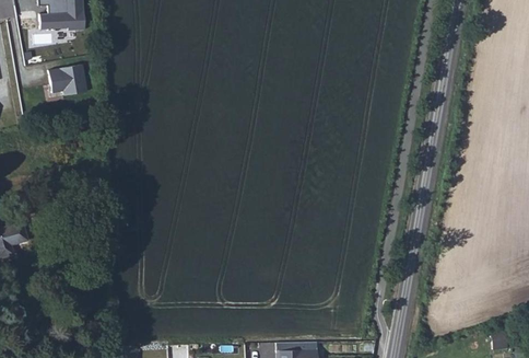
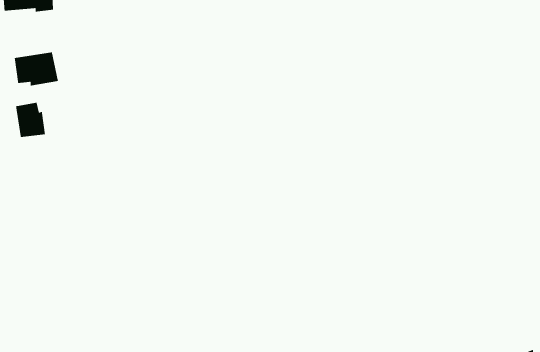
building: none -> [15,102,46,138]

